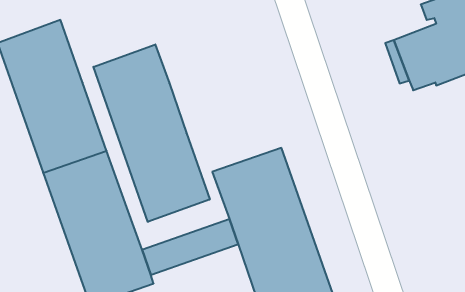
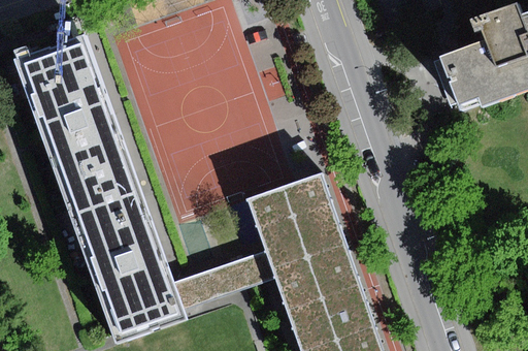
building: [93,44,210,222] -> none

